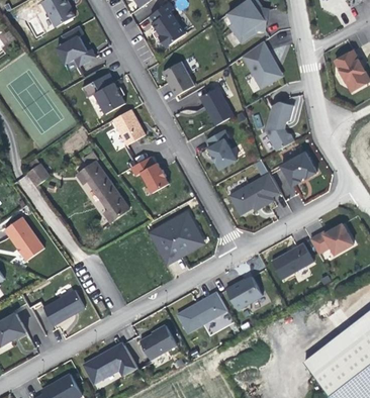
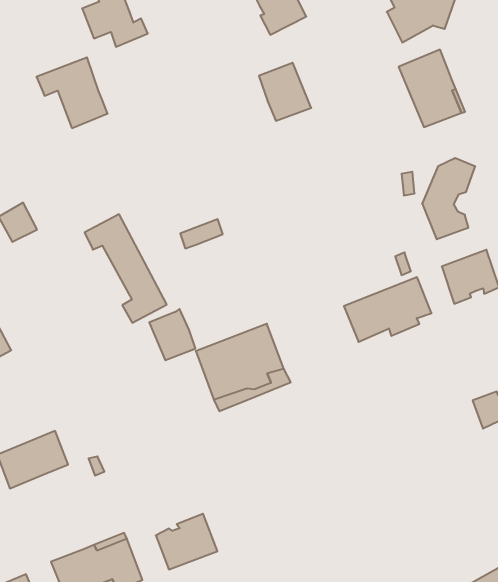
building: [82,72,125,113] -> [36,57,108,128]
building: [200,86,235,125] -> none
building: [112,108,146,144] -> none
building: [206,128,237,169] -> none
building: [141,162,169,192] -> [149,309,195,360]
building: [272,242,314,279] -> none
building: [225,276,263,309] -> none
building: [177,291,227,332] -> none

